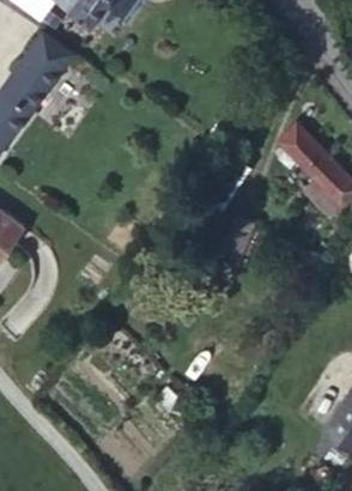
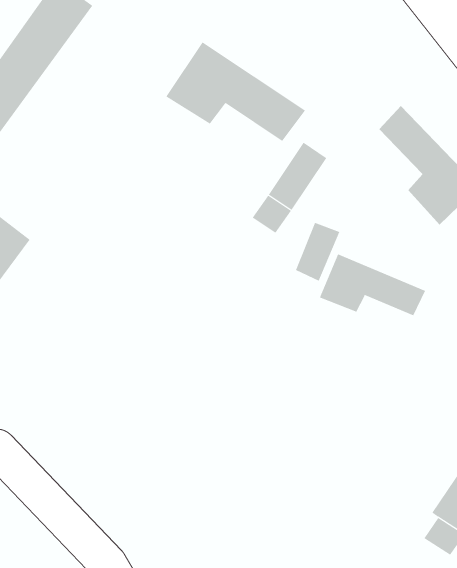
building: none -> [165,41,306,142]
building: none -> [319,253,426,316]

